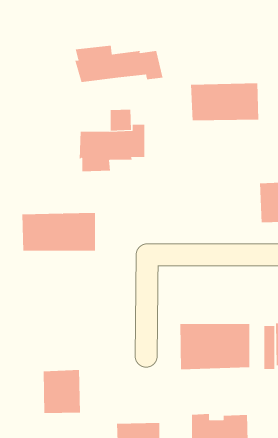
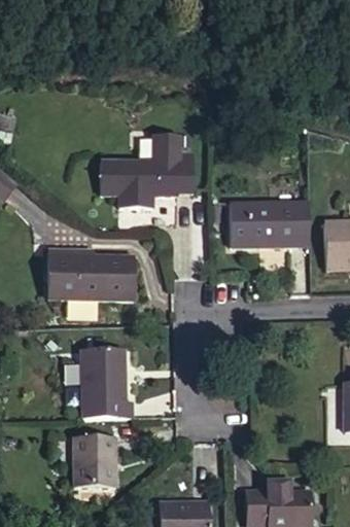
building: [74,45,163,83] -> none
building: [190,83,259,121] -> [231,201,311,245]
building: none -> [80,348,132,419]
building: [180,323,250,370] -> none

